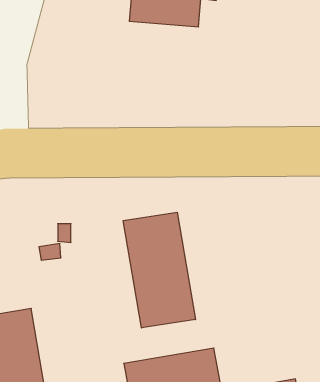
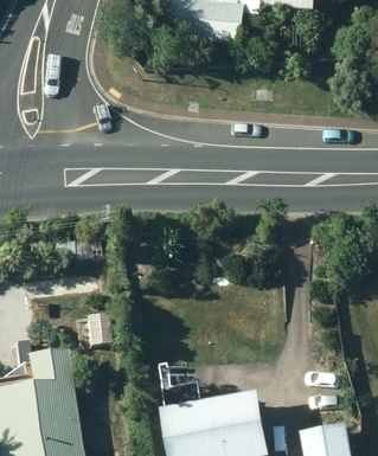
building: [123,212,195,328] -> none

